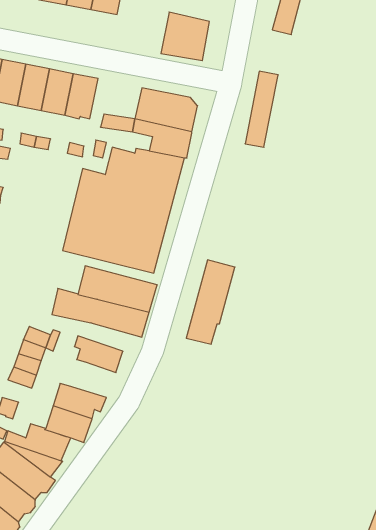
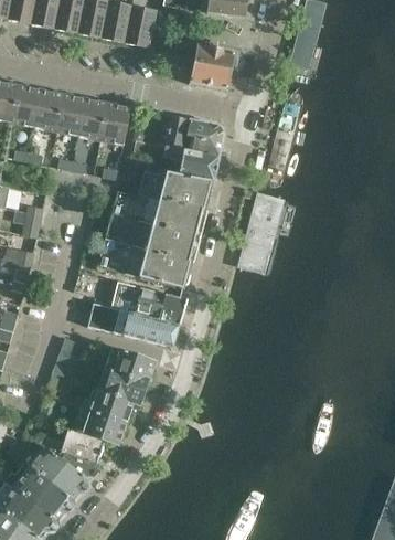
building: [186,260,235,344] -> [237,192,282,271]
building: none -> [103,368,147,403]

